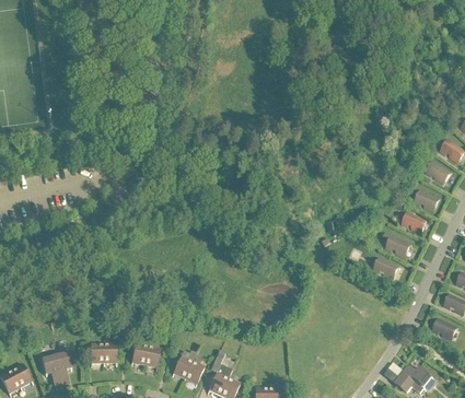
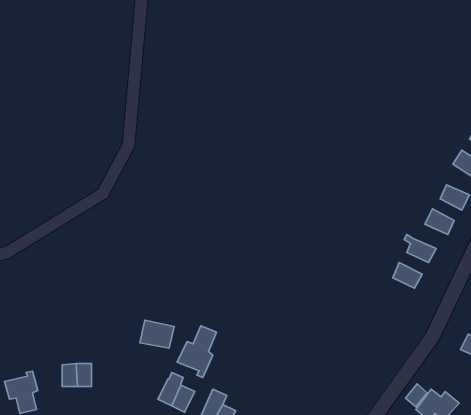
building: none -> [177,326,217,377]
building: [130,343,160,367] -> [140,320,174,348]

